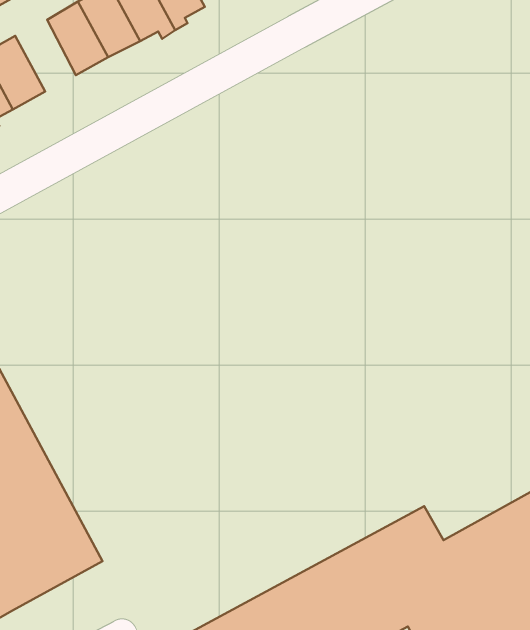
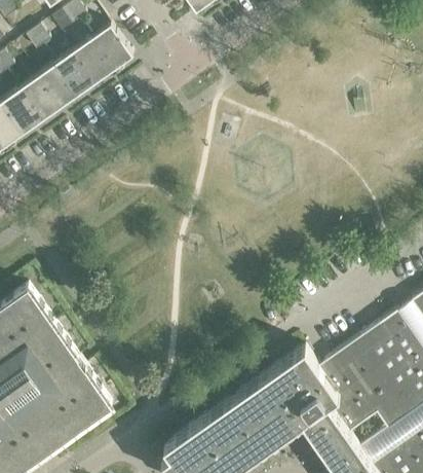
building: none -> [20,79,60,123]

